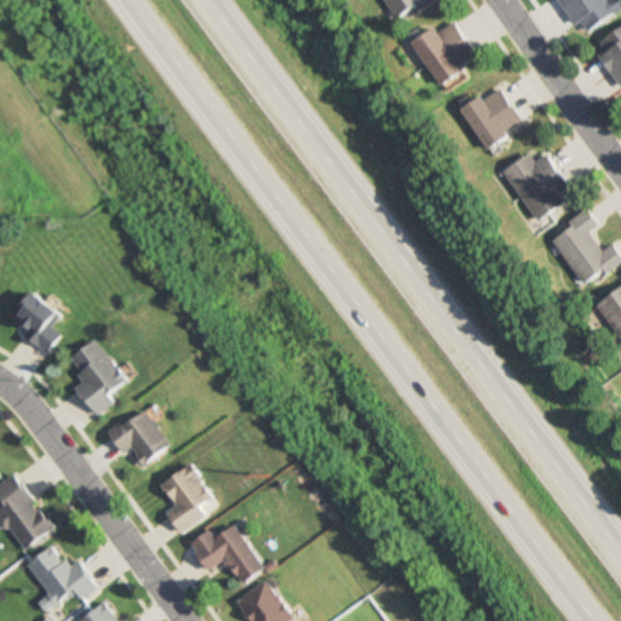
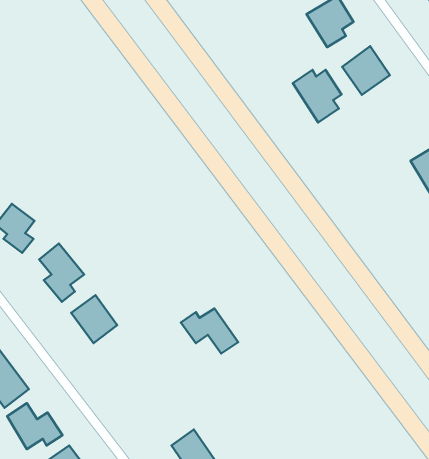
building: [501,154,564,222] -> [293,70,342,123]
building: [160,465,212,532] -> none
building: [190,525,264,583] -> [181,308,238,353]

